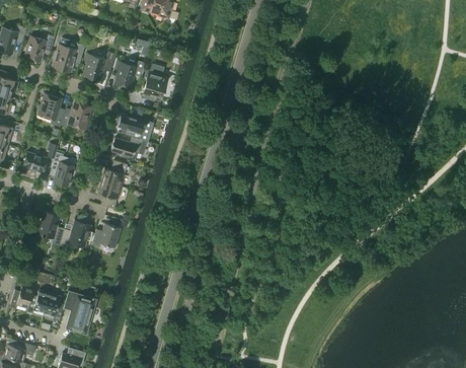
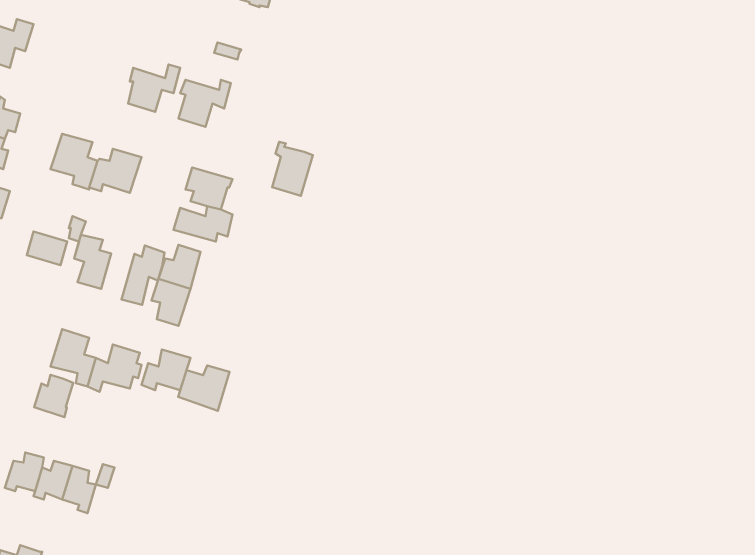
building: [23,34,54,62] -> none
building: [52,38,84,71] -> none
building: [142,69,166,101] -> [272,142,313,196]
building: none -> [121,246,165,305]
building: none -> [178,366,230,411]
building: none -> [34,375,73,417]
building: [68,295,94,332] -> none

